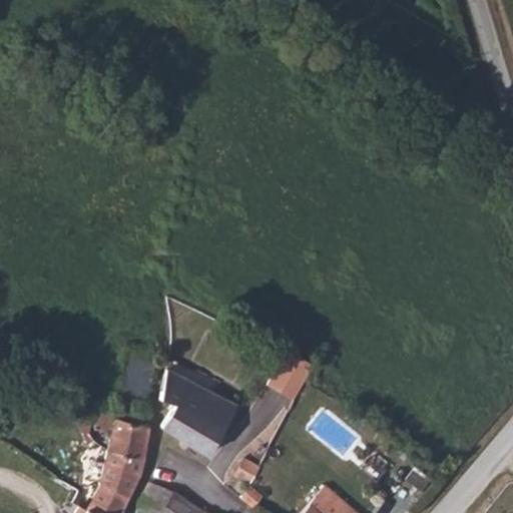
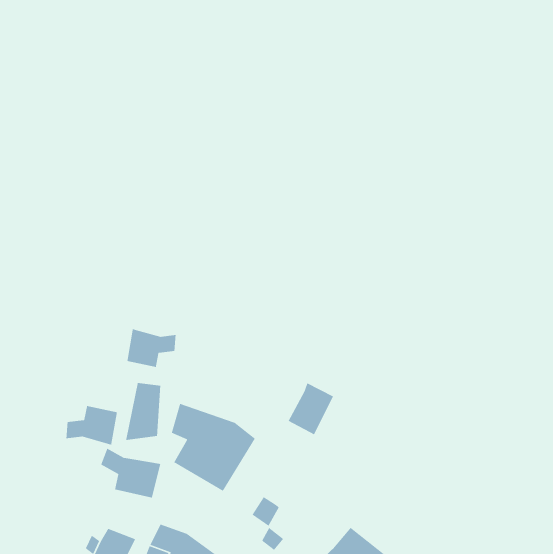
building: none -> [126,328,176,368]
building: none -> [66,405,118,445]
building: [99,453,143,498] -> none

